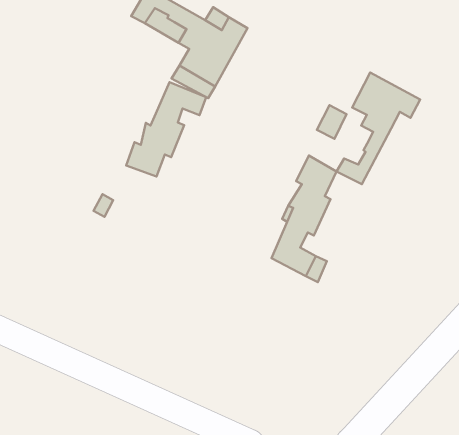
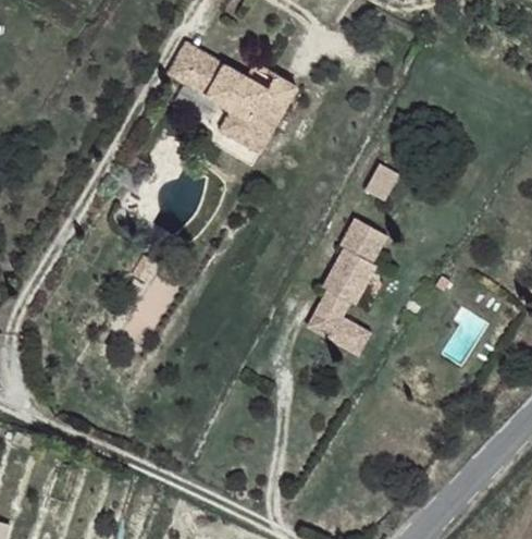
building: [337,72,420,184] -> none
building: [126,82,206,177] -> none

